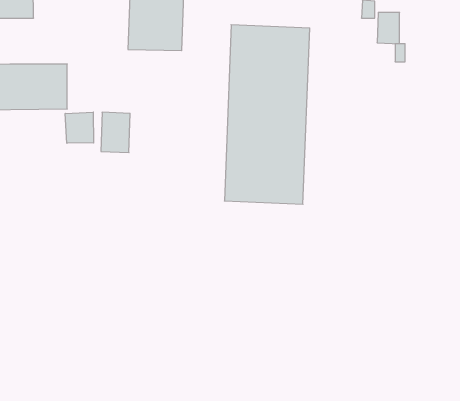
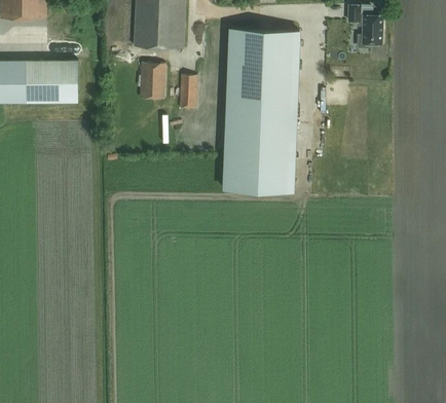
building: none -> [179,73,197,107]
building: [65,112,94,143] -> none
building: [101,112,130,153] -> [139,61,165,98]

